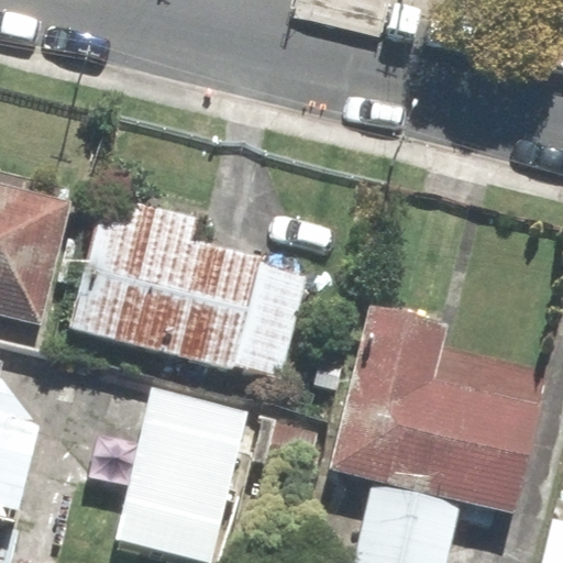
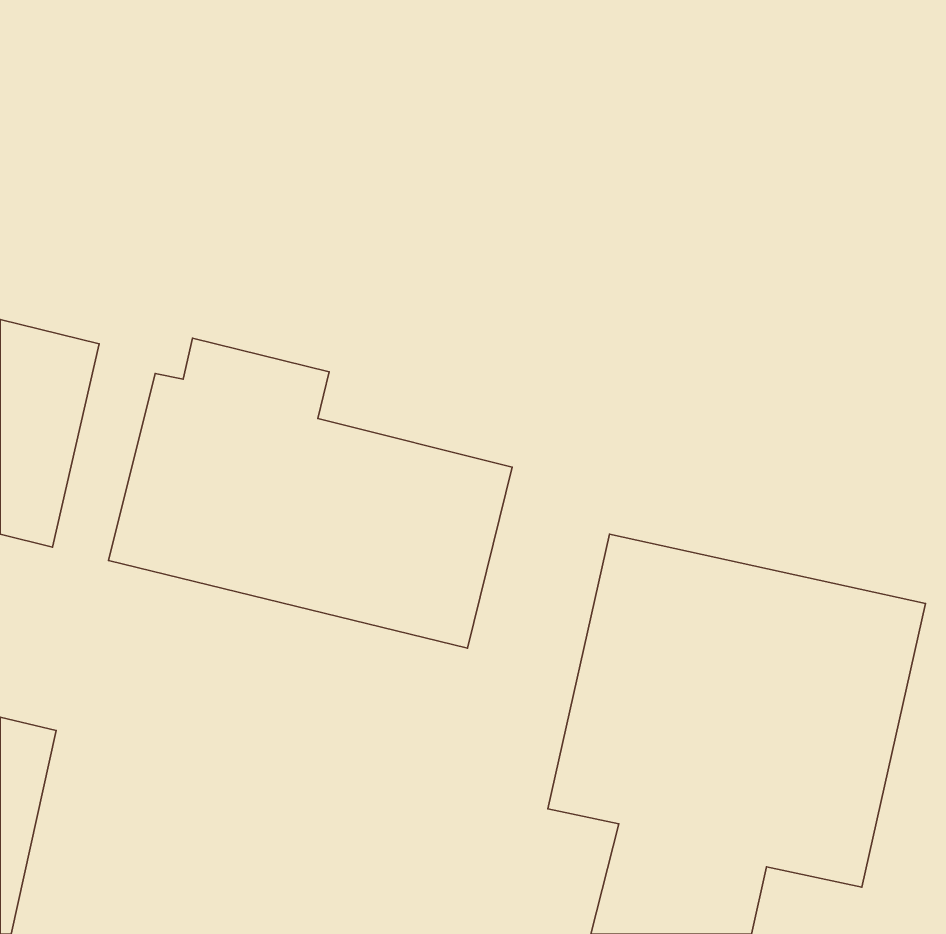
building: [120,388,319,526] -> none

